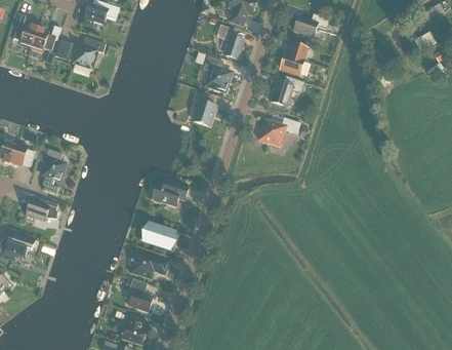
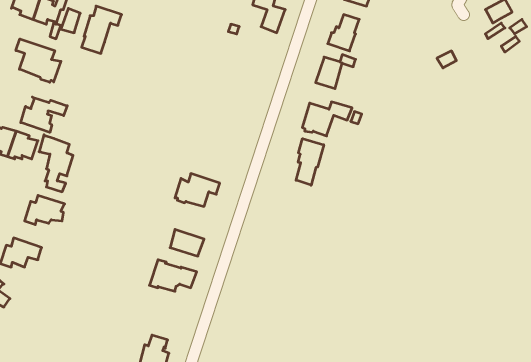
building: [203,55,231,91] -> none
building: none -> [16,39,61,82]
building: [193,91,215,126] -> none
building: none -> [21,97,67,132]
building: none -> [296,139,324,185]
building: [128,278,153,312] -> none

